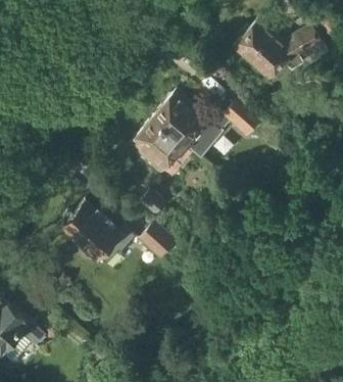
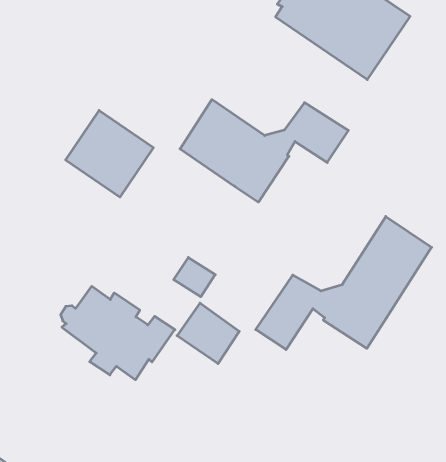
building: [129,117,187,176] -> [66,110,153,197]
building: none -> [256,216,432,350]

